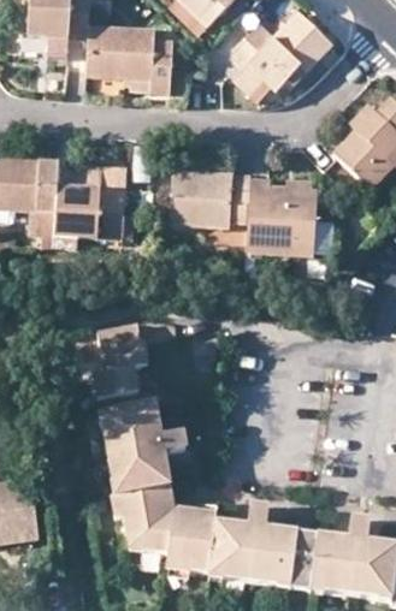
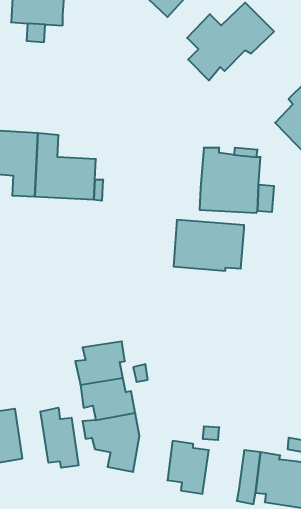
building: [82,24,171,93] -> none
building: [79,164,126,191] -> none
building: [167,168,249,227] -> [174,220,244,271]
building: [91,321,140,397] -> none
building: none -> [40,408,79,468]
building: [166,512,213,573] -> none
building: [248,526,296,583] -> none

